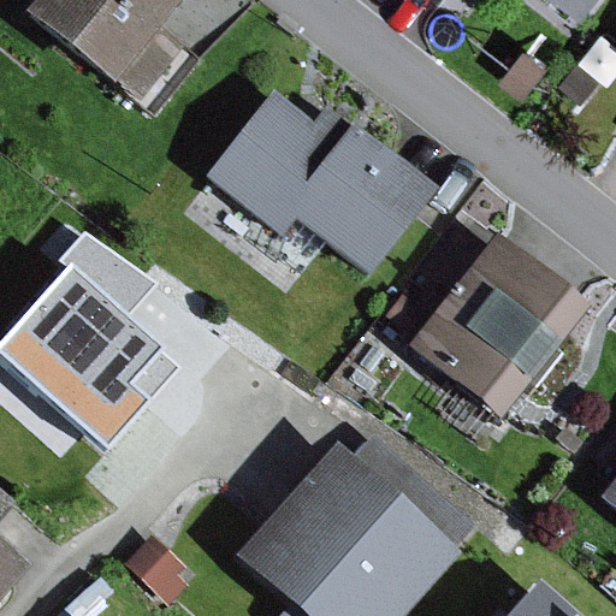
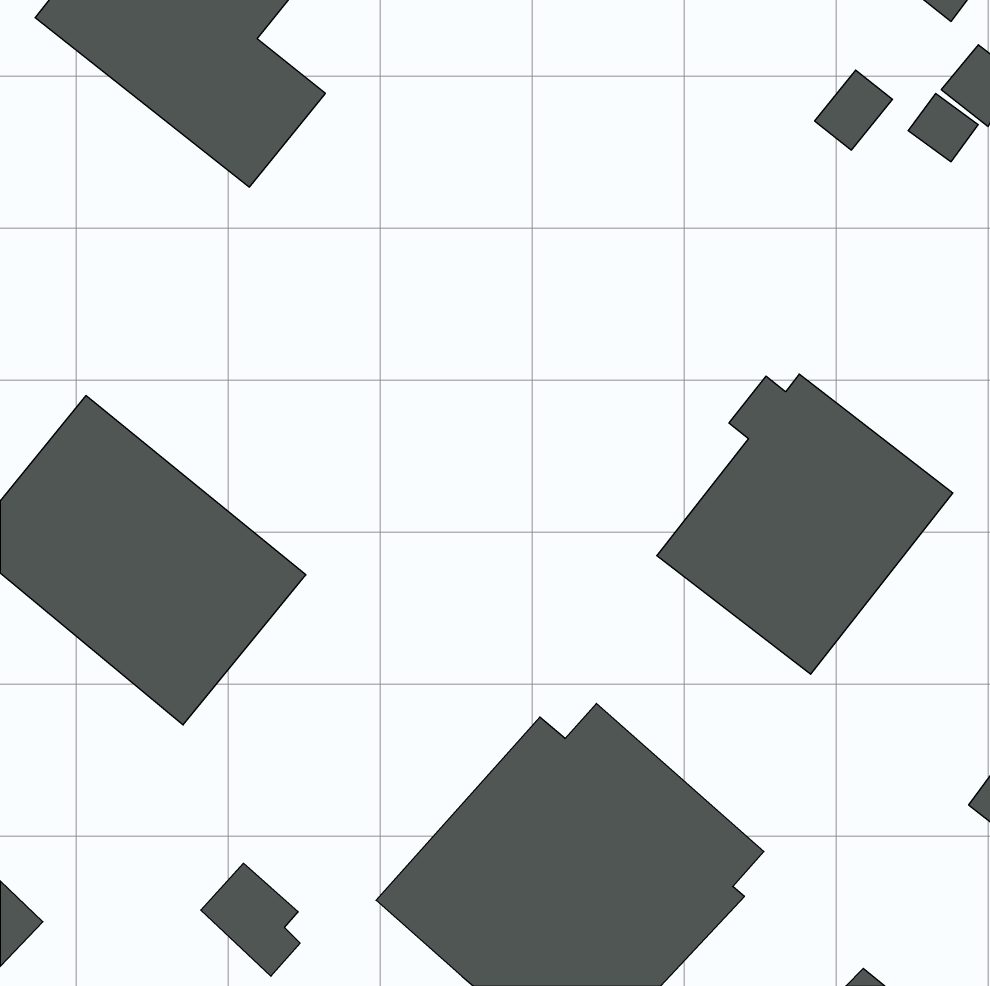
building: [206,88,438,274] -> none

